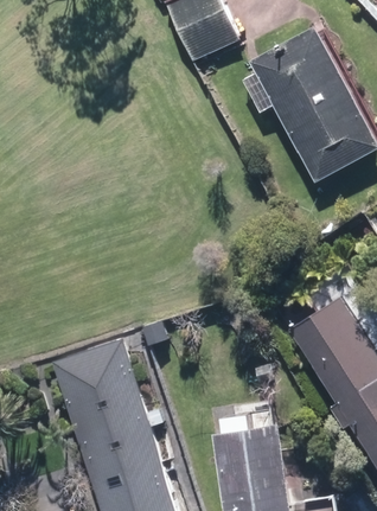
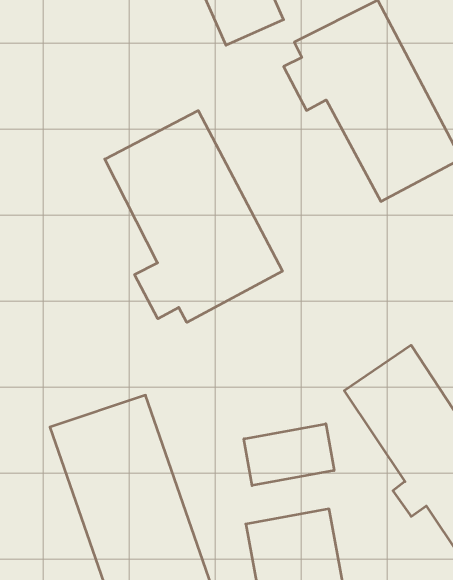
building: none -> [105,111,282,322]
building: none -> [244,424,334,486]

